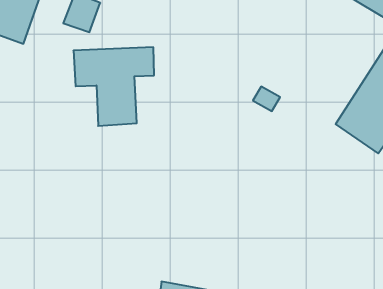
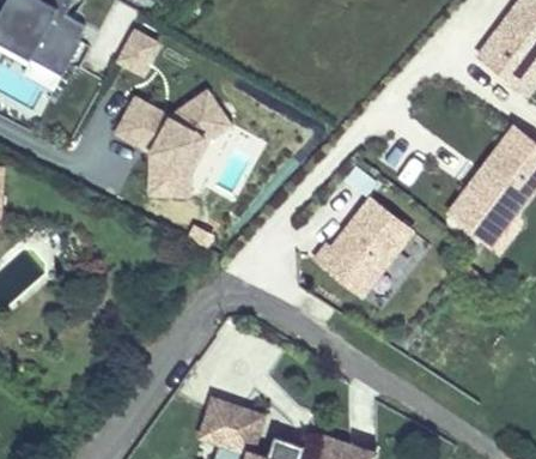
building: none -> [311,198,415,304]

